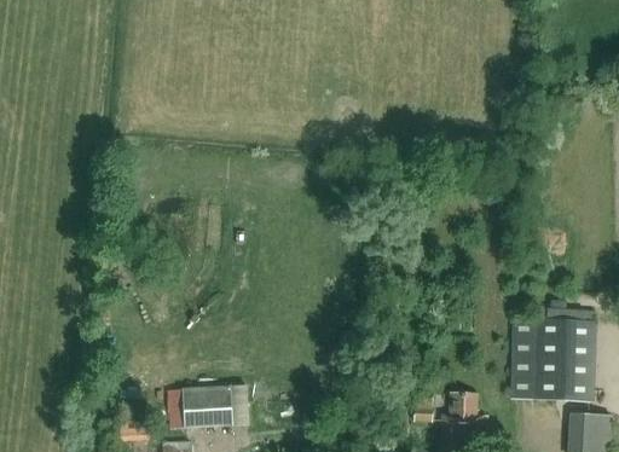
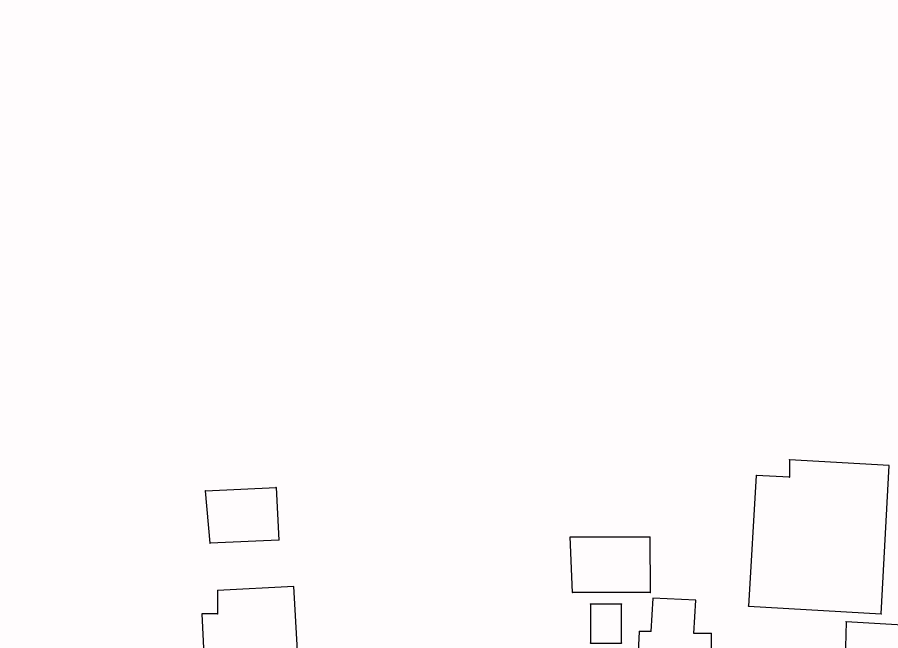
building: none -> [205,487,279,543]
building: none -> [570,537,650,593]

